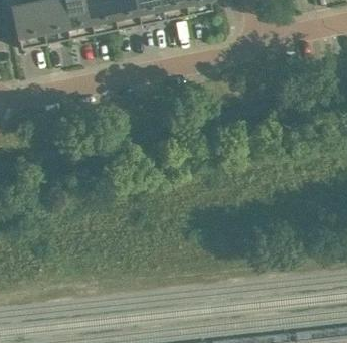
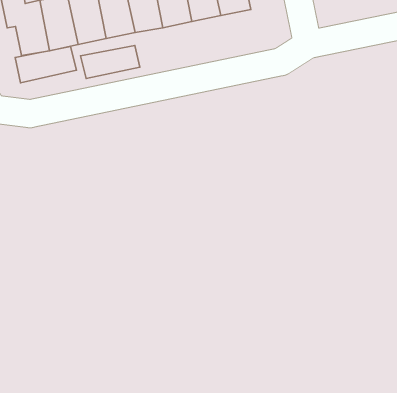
building: none -> [81,46,140,78]
building: none -> [15,46,77,83]

